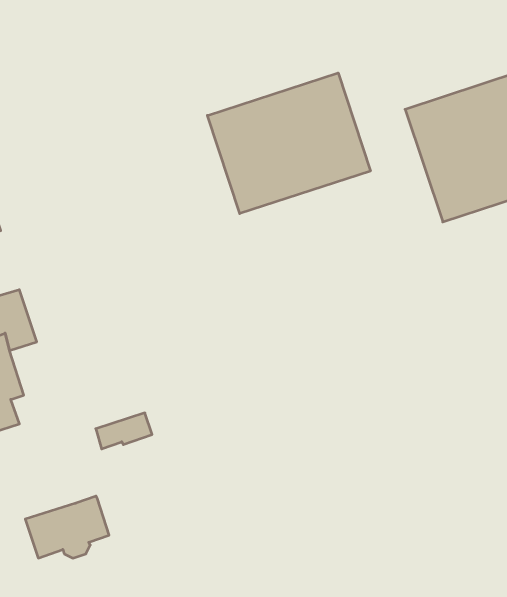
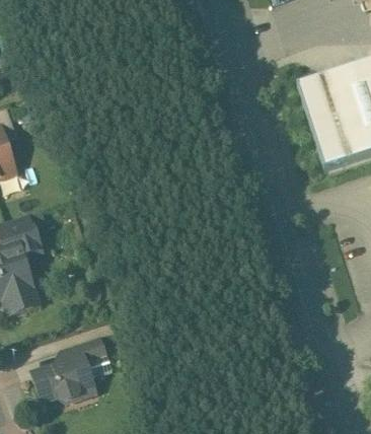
building: [207,73,370,214] -> none
building: [96,413,152,449] -> [63,341,102,366]

